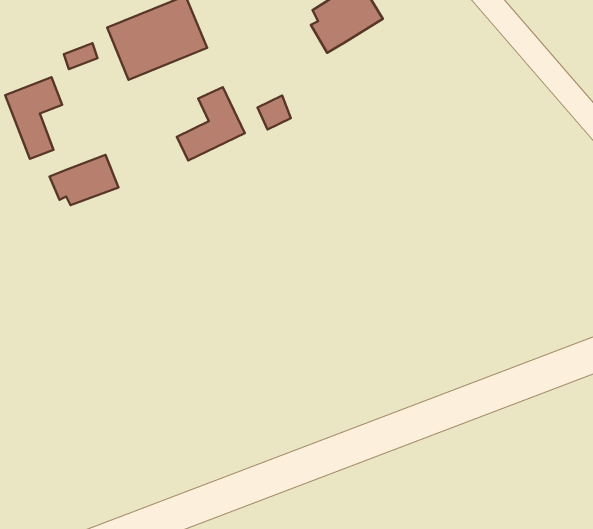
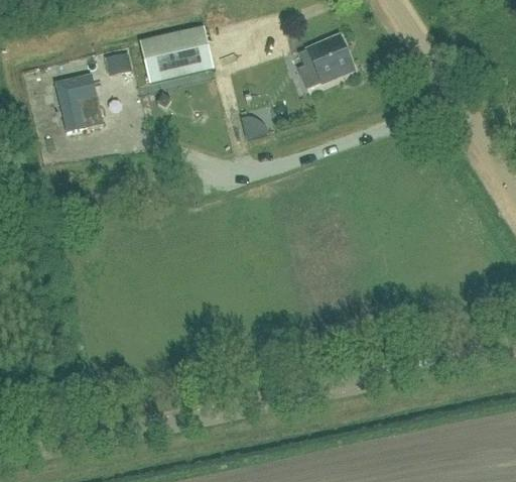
building: [177,87,245,160] -> none
building: [50,155,118,205] -> none

